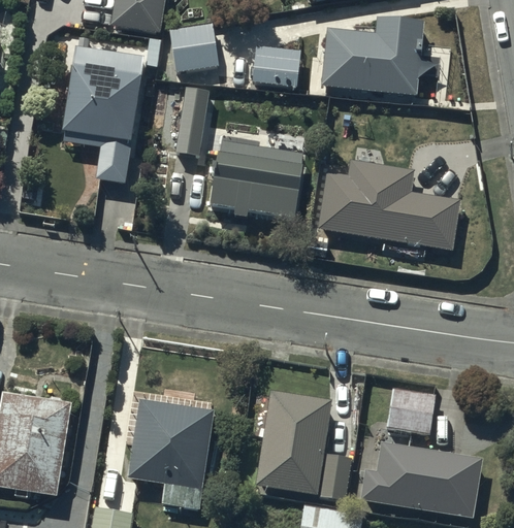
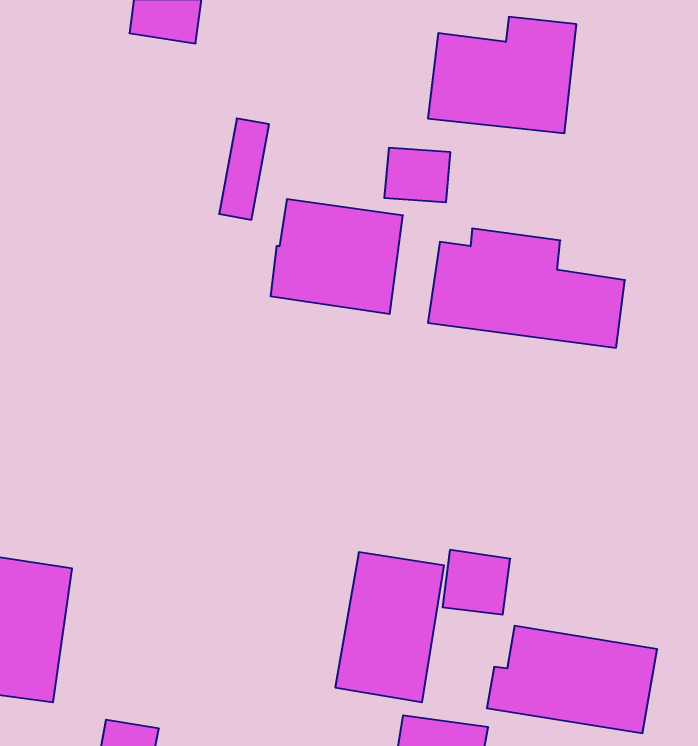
building: [172,26,218,70] -> none
building: [62,46,144,184] -> none
building: [254,46,300,85] -> [384,148,450,202]
building: [387,389,435,434] -> [443,550,510,615]
building: [127,398,215,508] -> none

